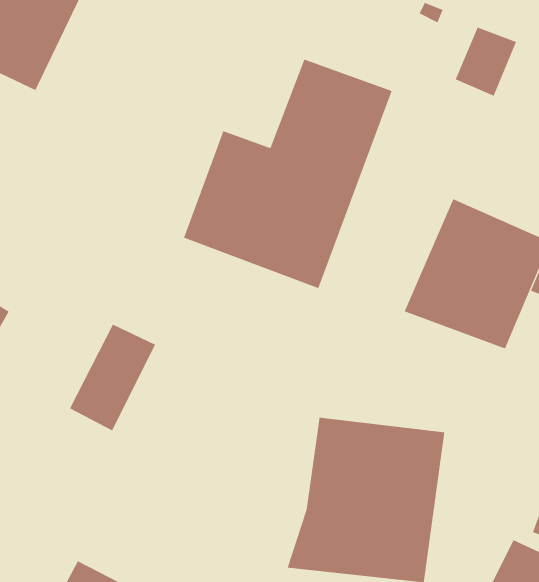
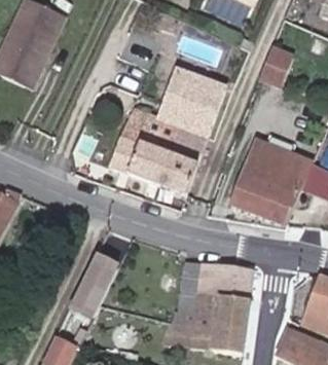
building: [69,324,156,431] -> [70,259,117,318]

